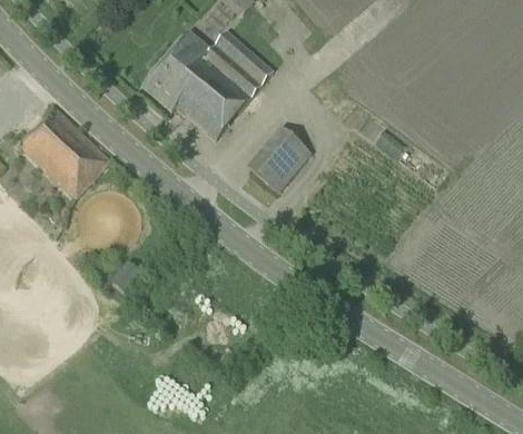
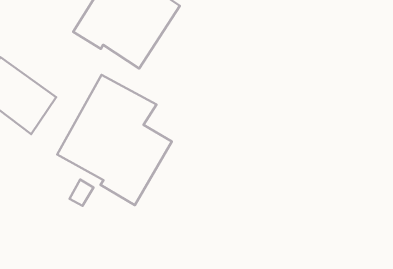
building: [254,122,314,189] -> none
building: none -> [57,75,172,205]

